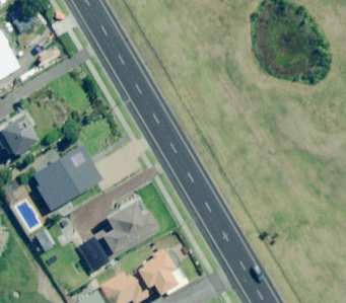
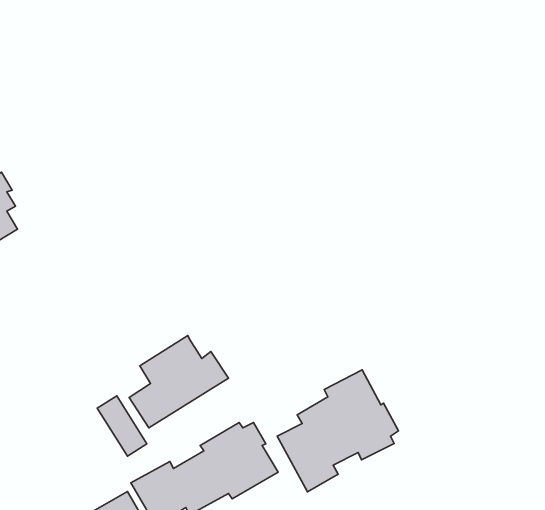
building: [30,139,99,210] -> none
building: none -> [277,370,398,492]

